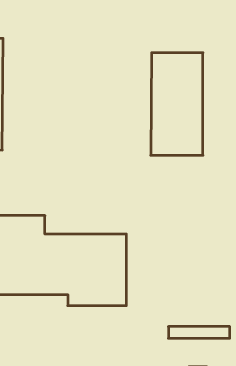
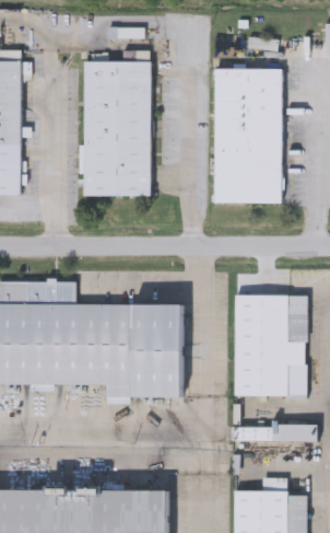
building: none -> [84,60,151,196]
building: none -> [235,296,307,397]

